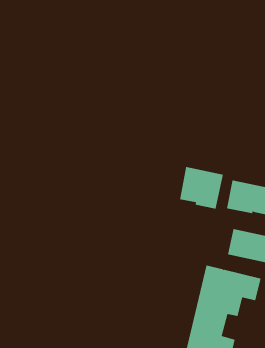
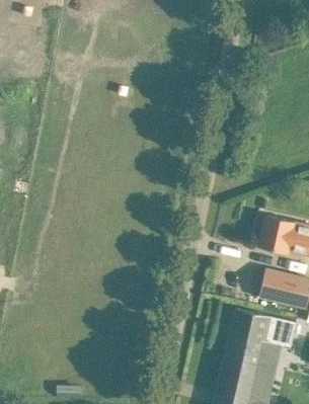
building: [179,166,224,210] -> none

